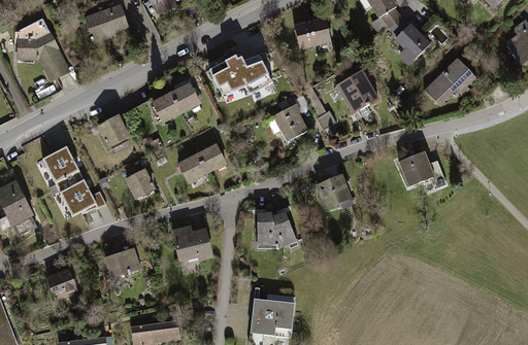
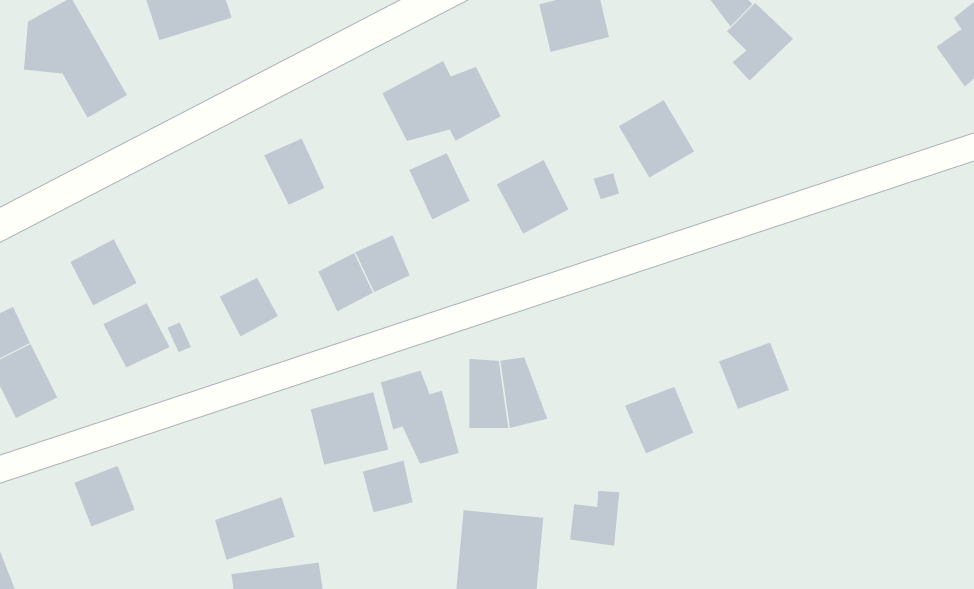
building: [421,55,475,104] -> none
building: [167,83,200,119] -> [408,152,470,220]
building: [95,118,126,150] -> none
building: [396,148,434,184] -> [718,342,790,410]
building: [314,172,351,208] -> [624,386,694,454]
building: none -> [380,370,459,465]
building: [97,246,140,280] -> [214,497,296,560]
building: none -> [362,460,413,513]
building: none -> [570,490,620,547]

